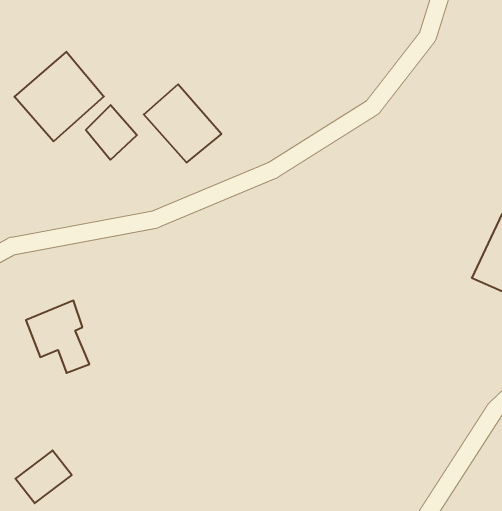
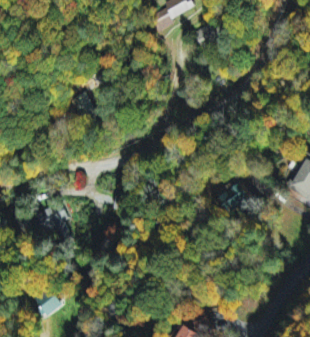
building: [14,52,104,141] -> none
building: [144,84,221,163] -> none

